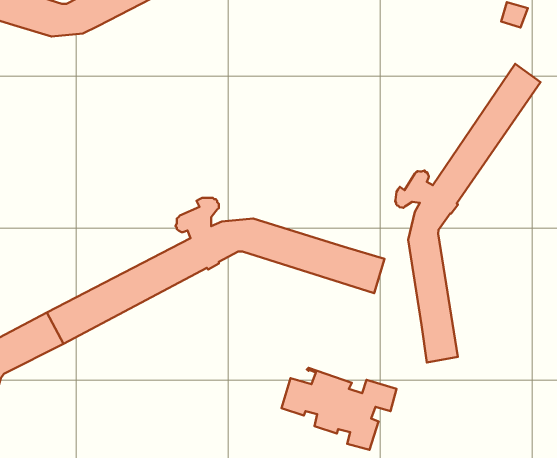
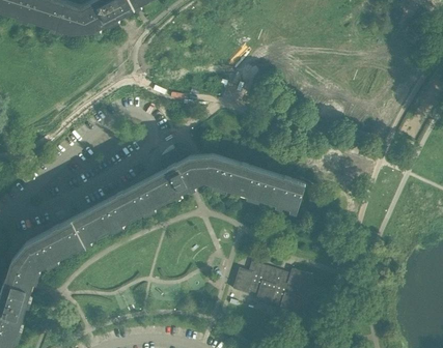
building: [395,64,540,363] -> none

